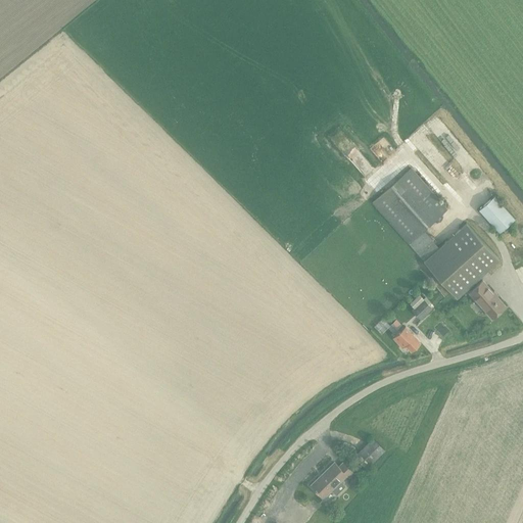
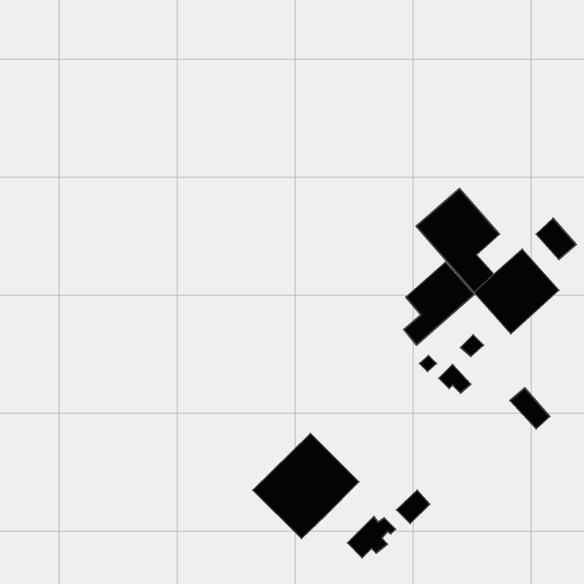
building: none -> [404,262,474,345]
building: [469,281,505,318] -> [510,388,550,429]
building: none -> [253,433,359,539]

